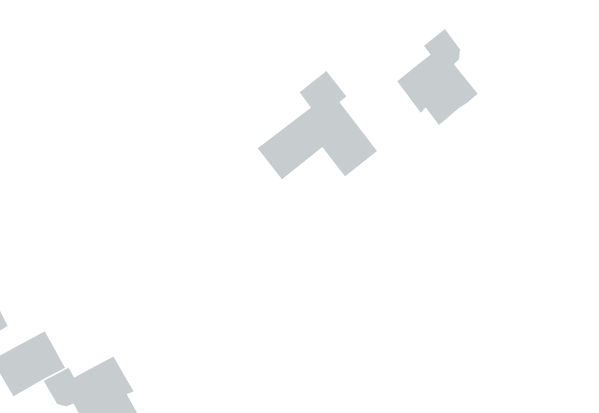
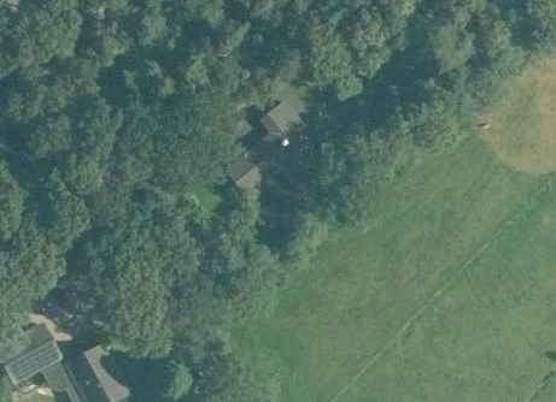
building: [396,28,479,126] -> none

